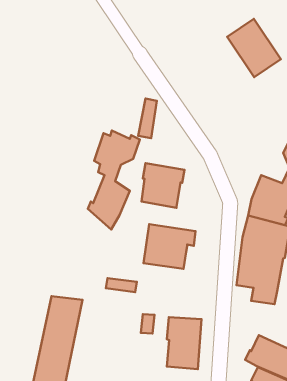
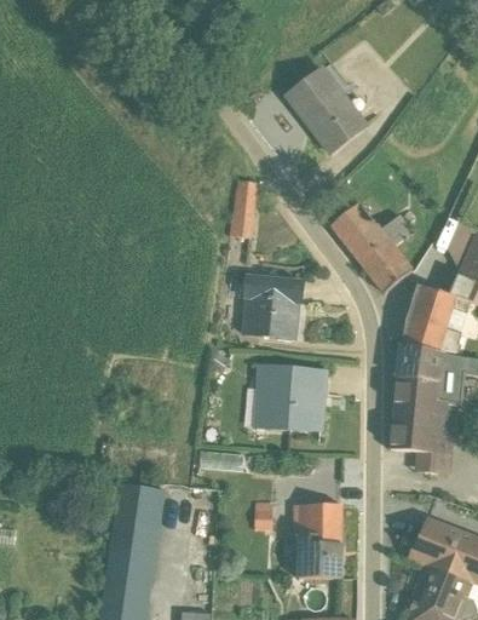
building: [227,19,281,77] -> [287,67,368,153]
building: none -> [332,202,416,292]
building: [88,130,140,229] -> none

